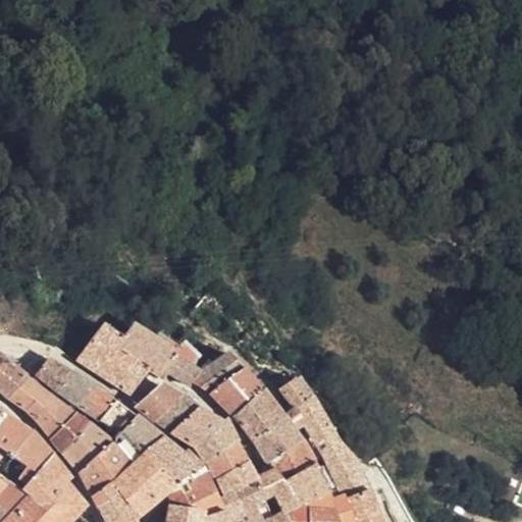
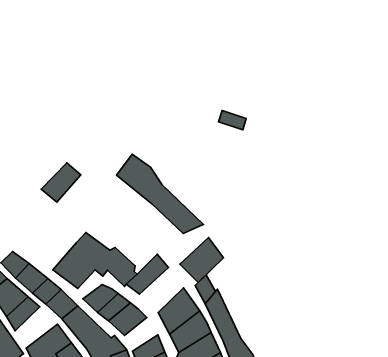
building: none -> [117,154,203,234]
building: [81,328,127,377] -> [41,163,81,202]
building: [210,363,263,419] -> [180,237,224,282]
building: [61,424,112,476] -> none
building: [196,424,237,469] -> none

